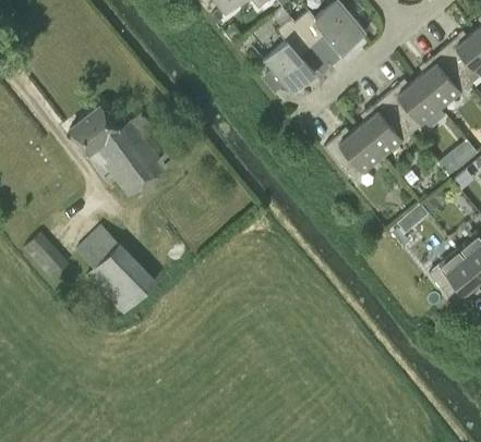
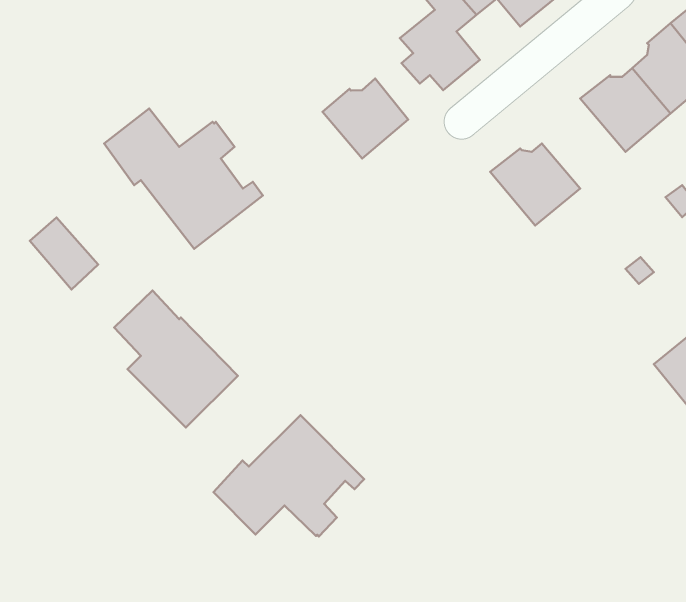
building: none -> [322,78,408,159]
building: [357,100,411,159] -> none
building: [25,233,70,280] -> [30,218,98,289]
building: none -> [214,415,364,537]

